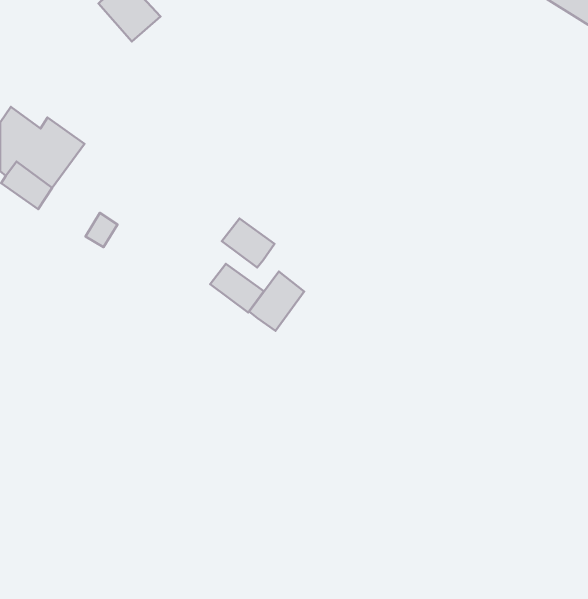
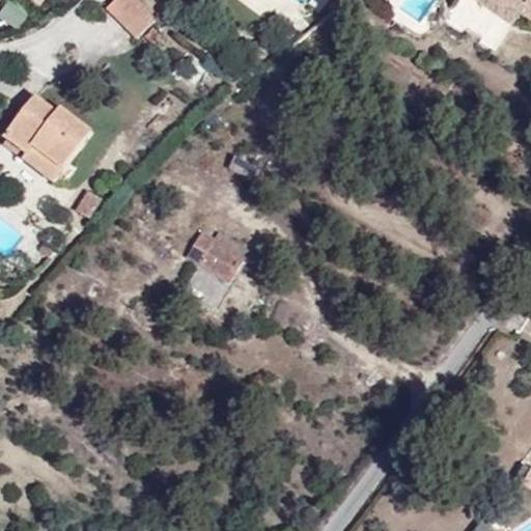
building: [222,218,275,268] -> none
building: [249,272,304,331] -> none

